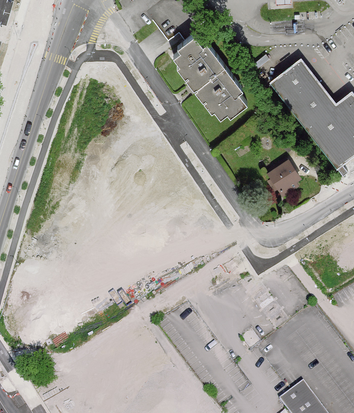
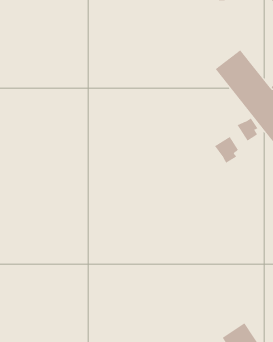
building: [172,36,246,120] -> none
building: none -> [237,117,258,142]

